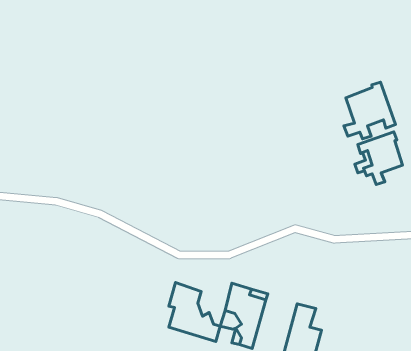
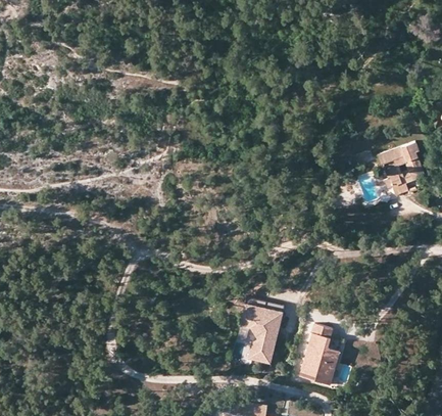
building: [344,82,396,139] -> none
building: [169,283,220,341] -> none

